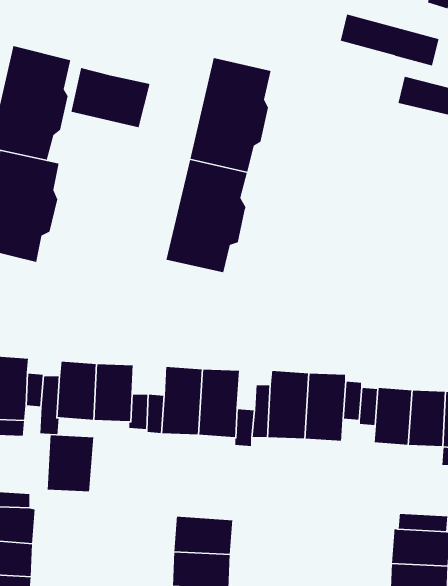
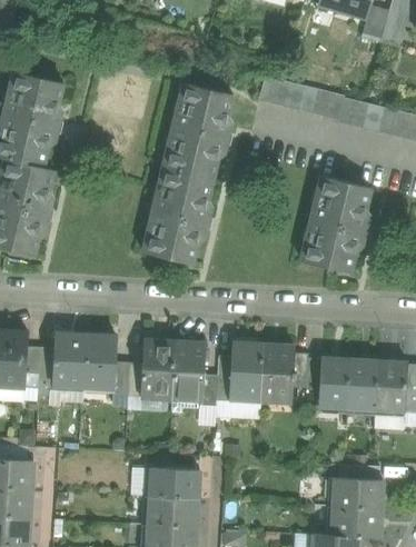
building: [340,13,439,66] -> [260,76,344,120]
building: [70,67,151,128] -> none
building: none -> [303,176,372,271]
building: [47,435,94,492] -> none

